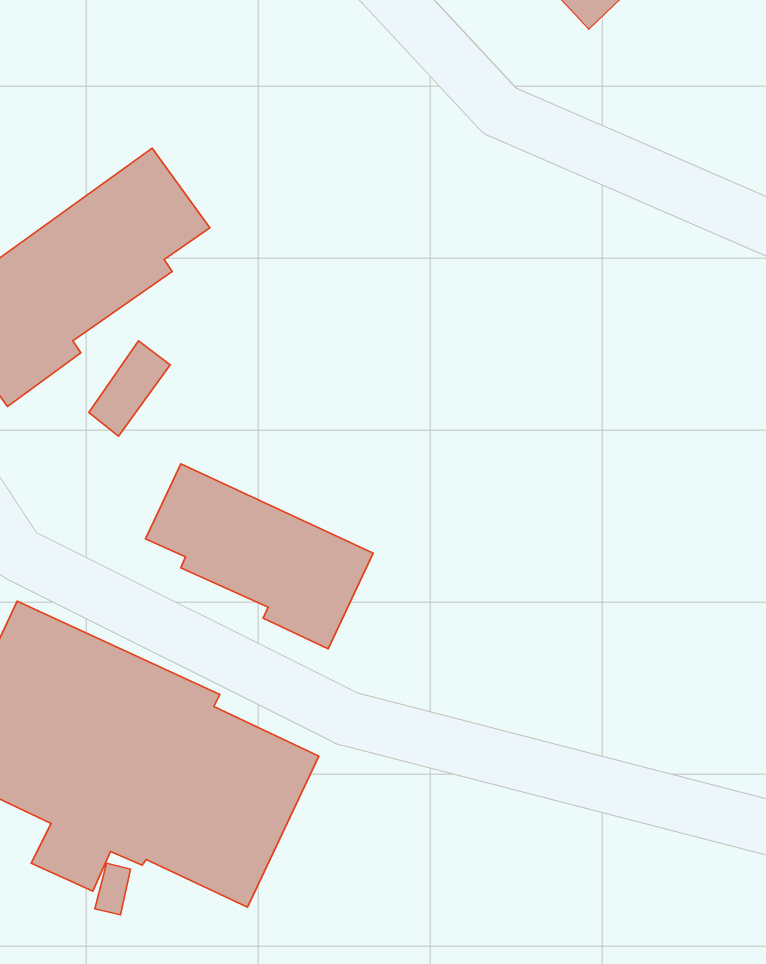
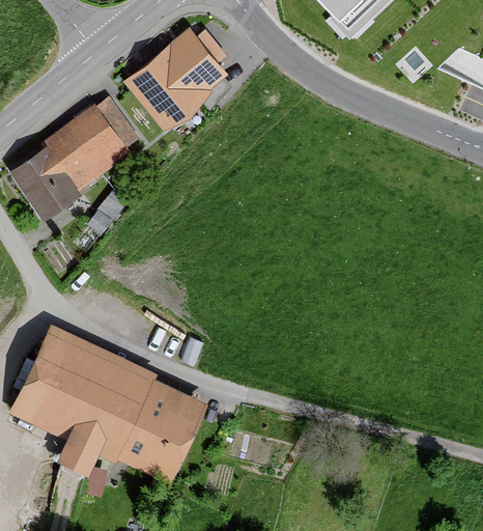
building: none -> [125,19,233,122]
building: [145,464,373,649] -> none

